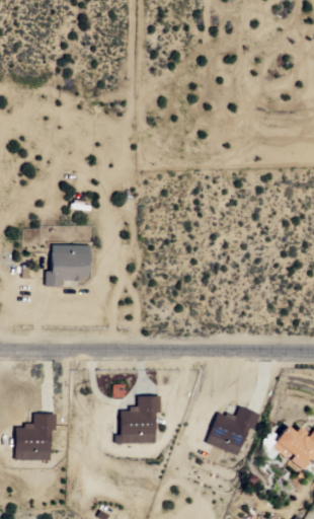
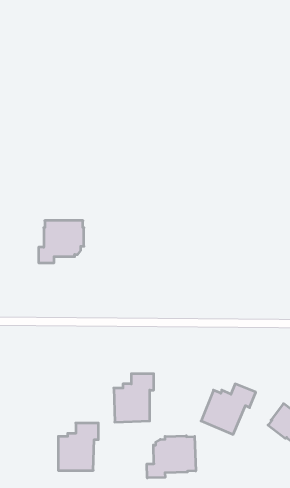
building: [16,414,56,460] -> [58,423,98,470]
building: none -> [147,436,196,478]

